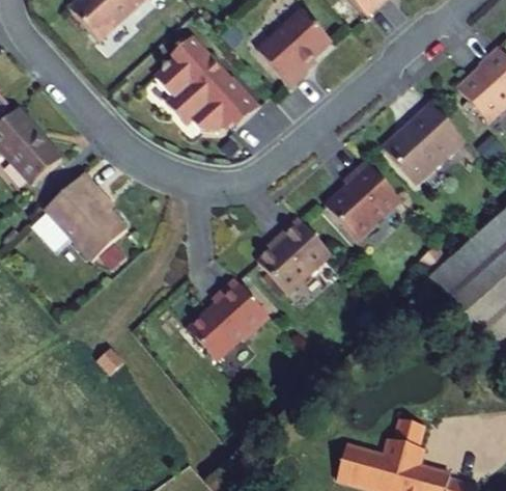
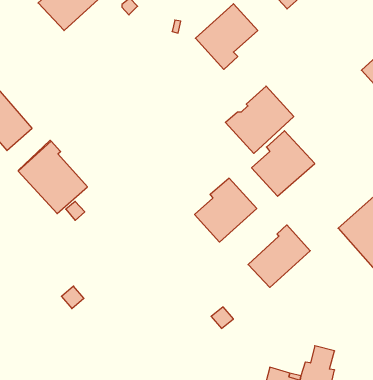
building: [154,35,260,129] -> none
building: [382,103,463,184] -> [225,86,294,153]
building: none -> [248,225,310,287]
building: [187,278,269,360] -> none

